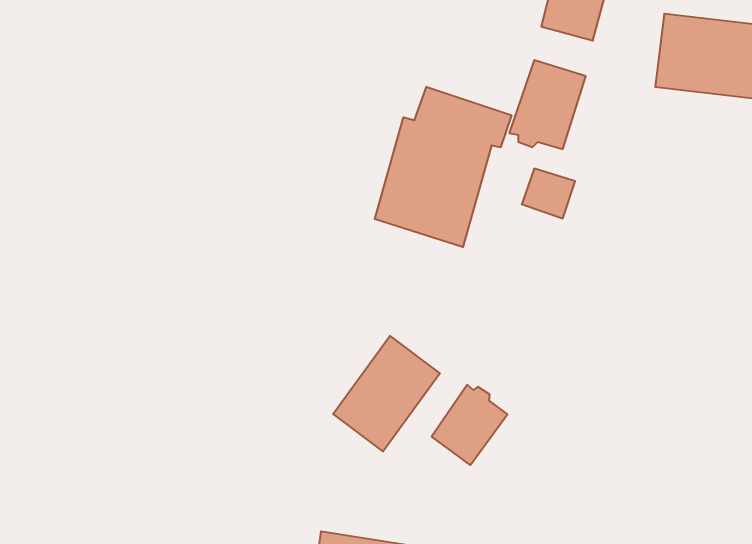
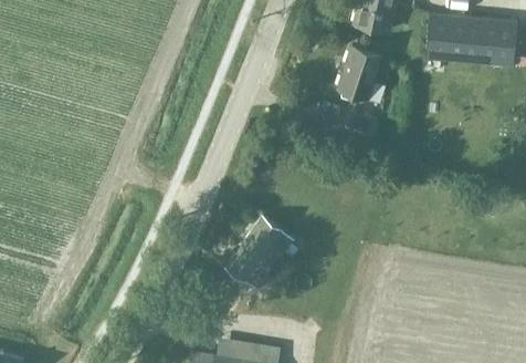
building: [375,87,512,247] -> none
building: [432,385,507,465] -> none

